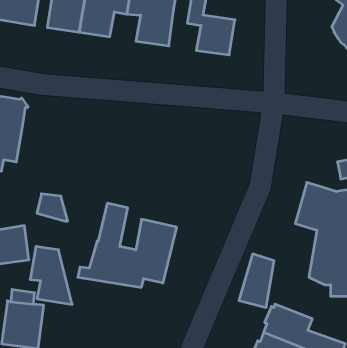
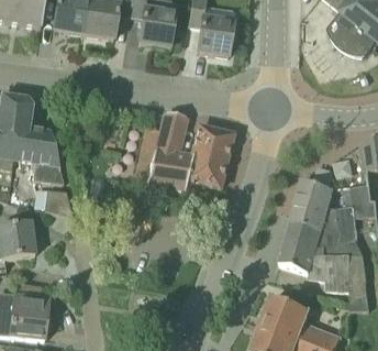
building: [78,203,177,287] -> [137,111,233,193]
building: [30,246,72,304] -> [23,128,64,184]
building: [239,254,274,307] -> [279,219,313,271]

